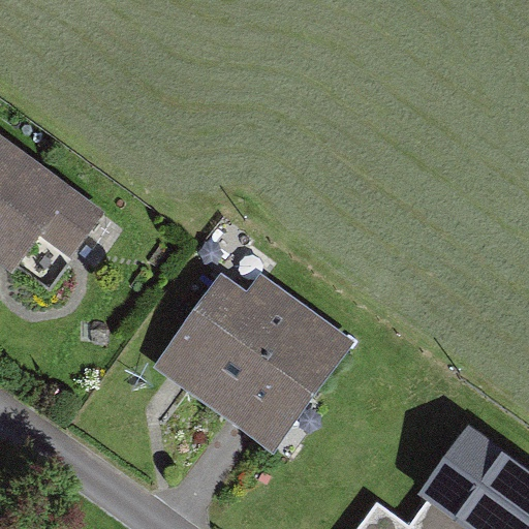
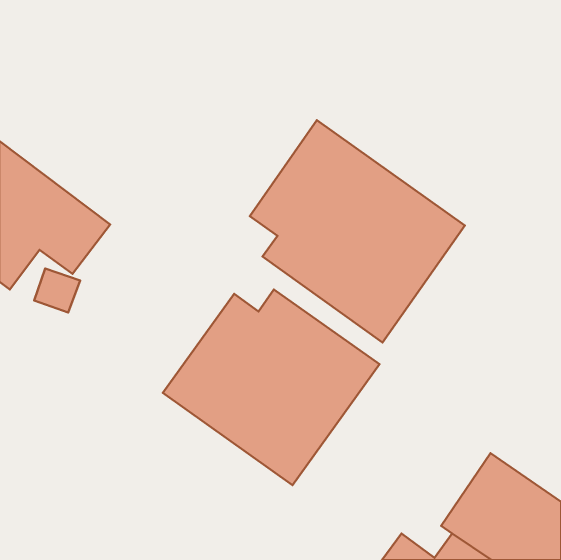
building: none -> [250,120,465,342]

